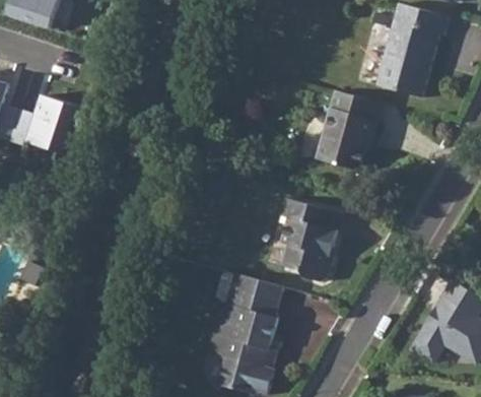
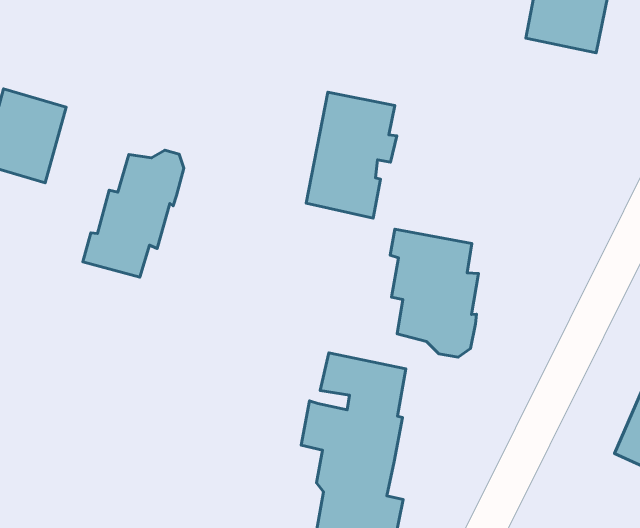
building: [316,89,375,171] -> [306,92,397,218]
building: none -> [83,150,184,277]

